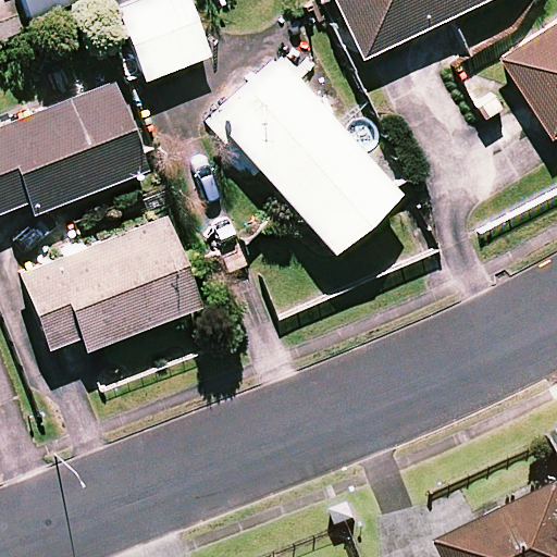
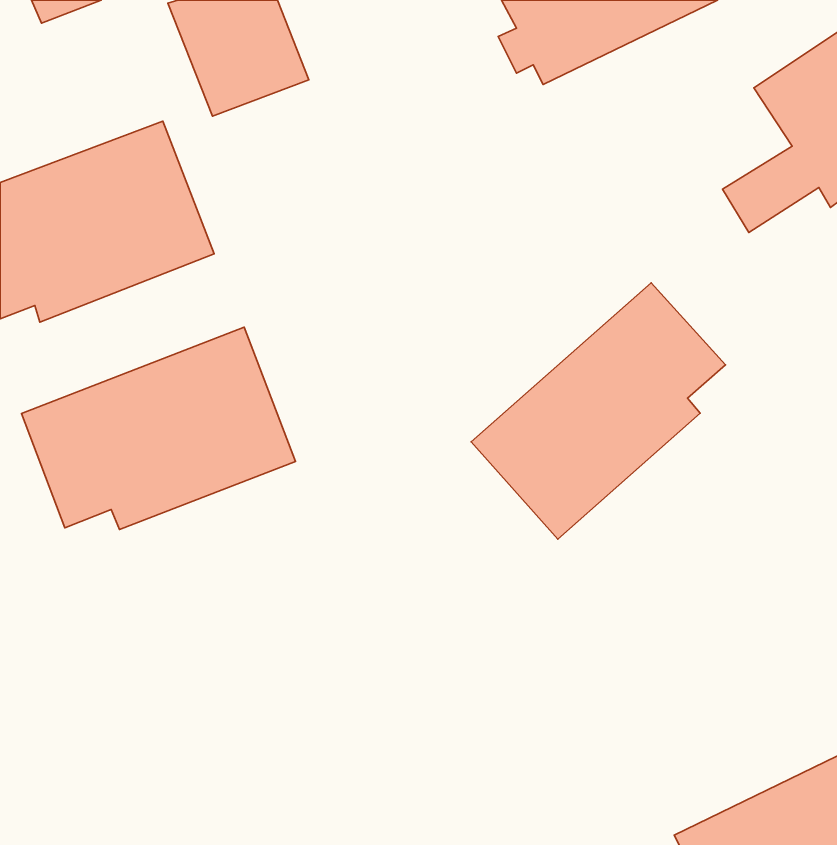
building: [214,47,398,249] -> none
building: none -> [471,283,725,539]

